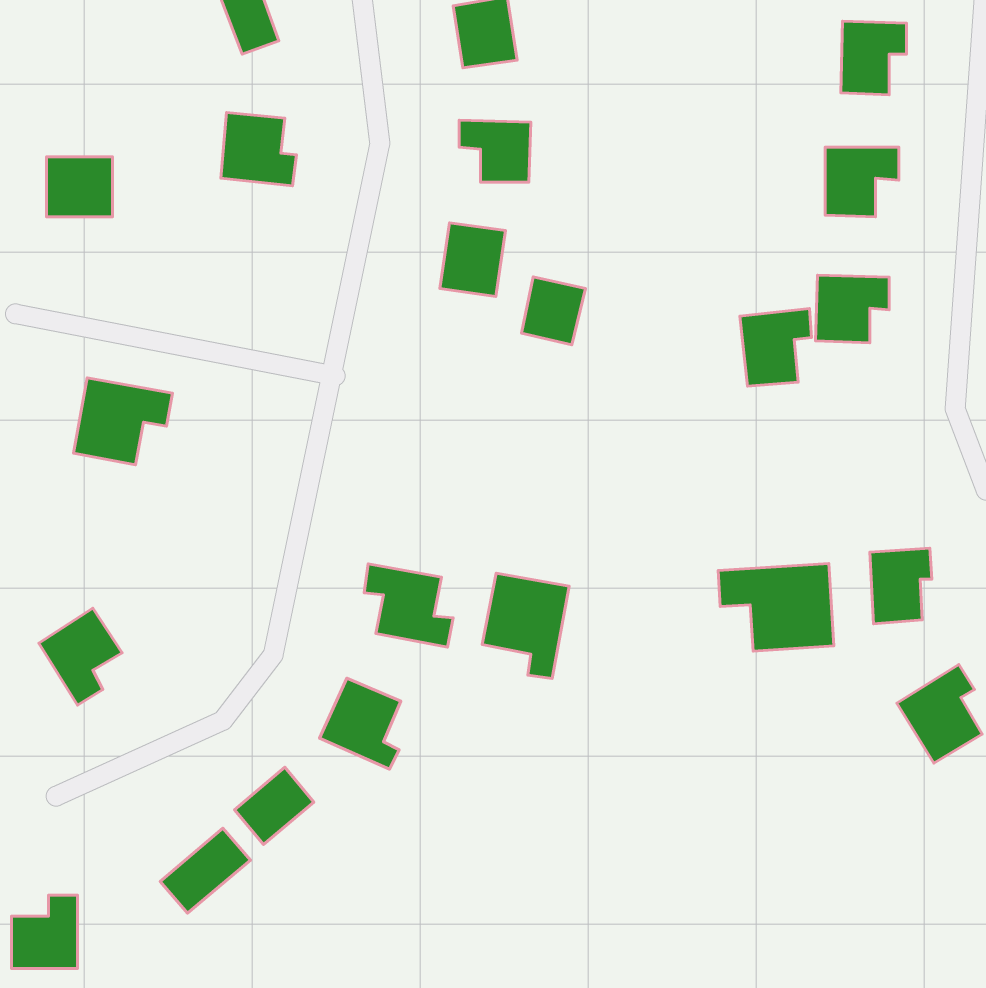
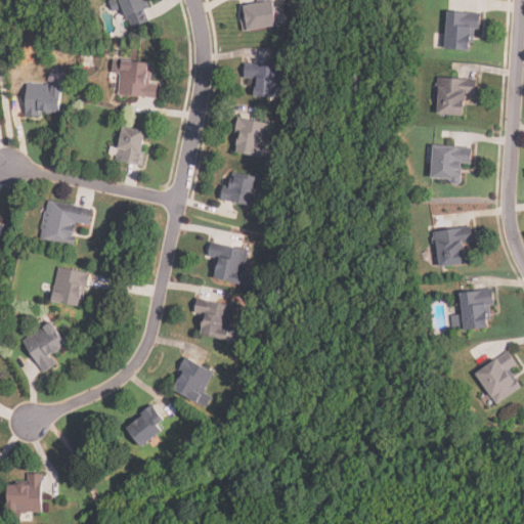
building: none -> [116,127,144,164]
building: [521,277,585,345] -> [221,170,255,206]
building: [740,309,812,386] -> [433,226,471,267]
building: none -> [206,242,247,283]
building: none -> [50,267,87,307]
building: [718,564,834,651] -> none
building: [482,573,569,678] -> none
building: [160,828,250,913] -> none

